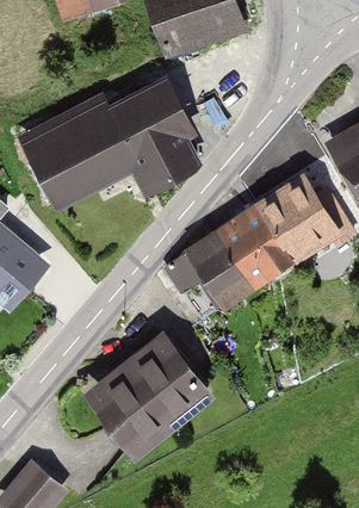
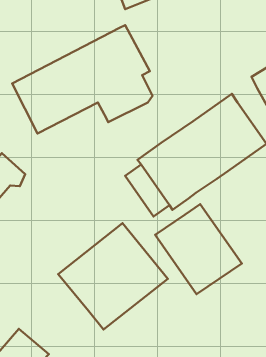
building: none -> [155,204,242,294]

